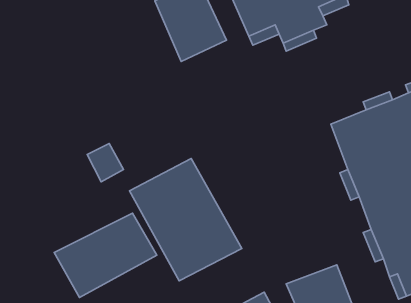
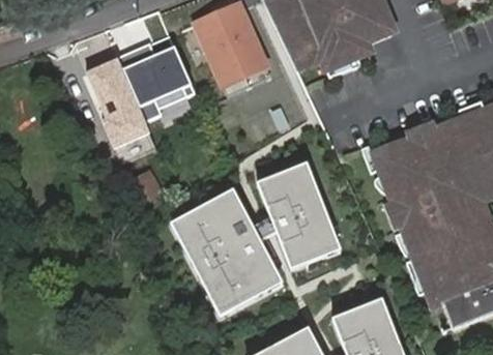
building: none -> [80,34,194,161]
building: none -> [258,161,342,267]
building: [54,213,157,298] -> none

